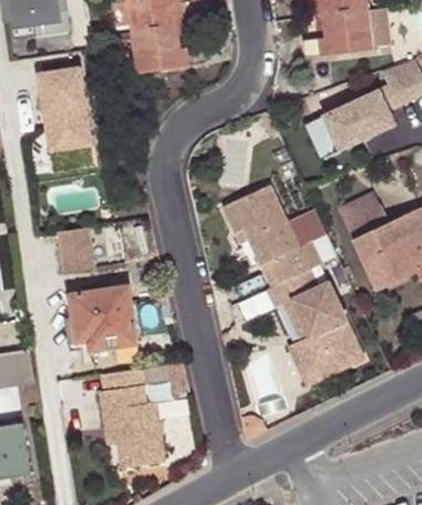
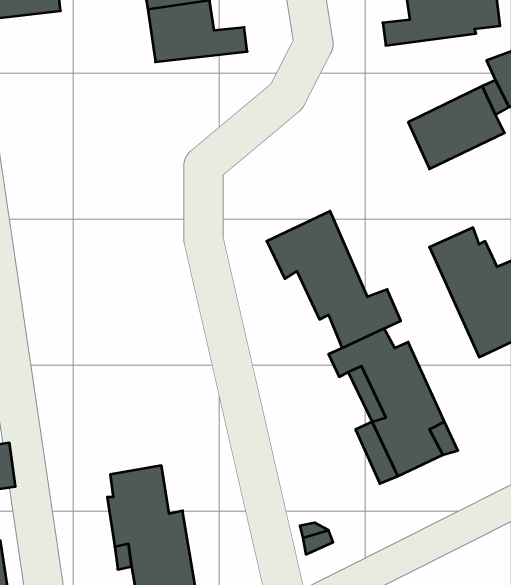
building: [37,71,91,156] -> none
building: [59,230,92,271] -> none
building: [61,285,137,356] -> none

